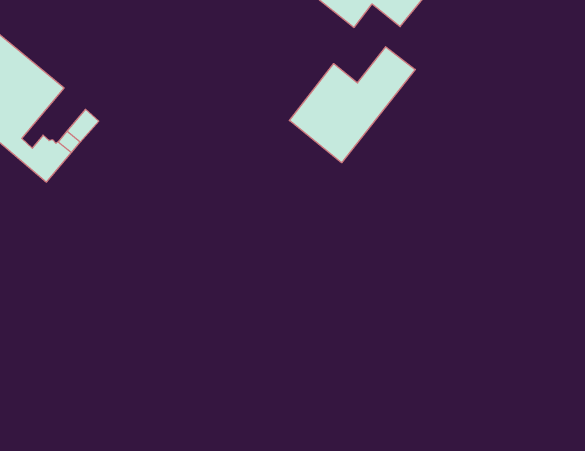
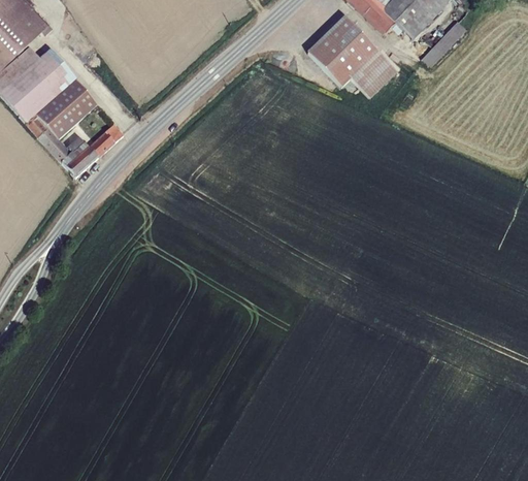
building: [289,47,415,163] -> none

